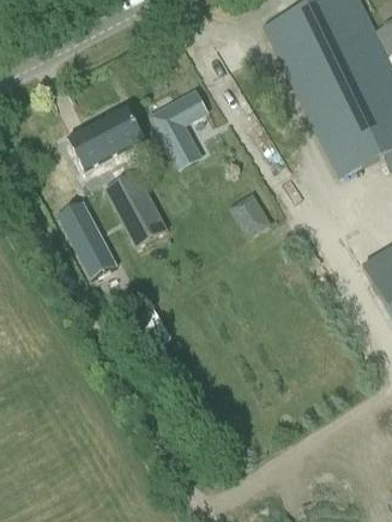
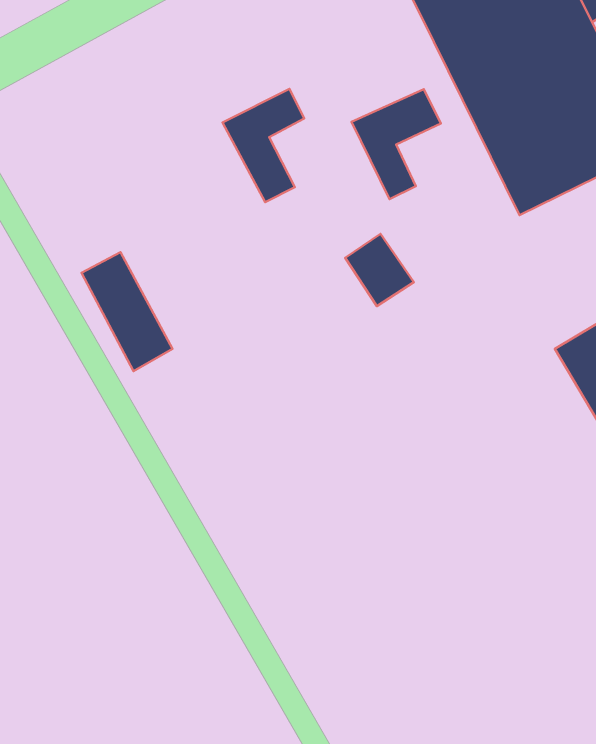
building: none -> [352,89,441,199]
building: [68,106,144,172] -> none
building: [105,172,167,245] -> none

